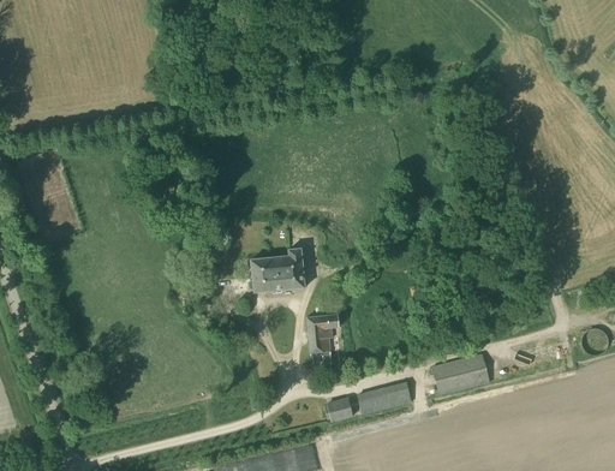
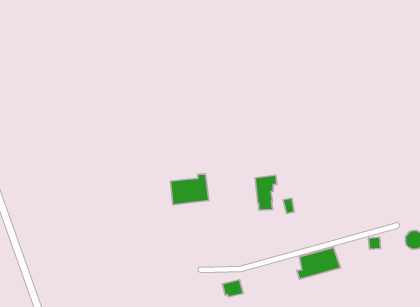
building: [308,315,338,364] -> [255,175,277,210]
building: [357,382,417,416] -> none

